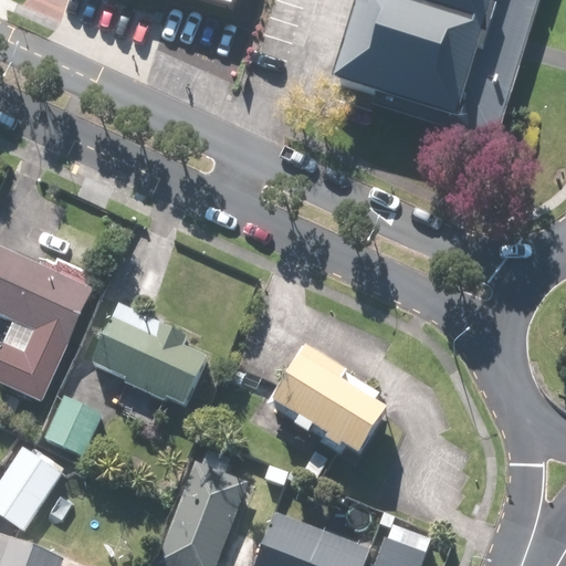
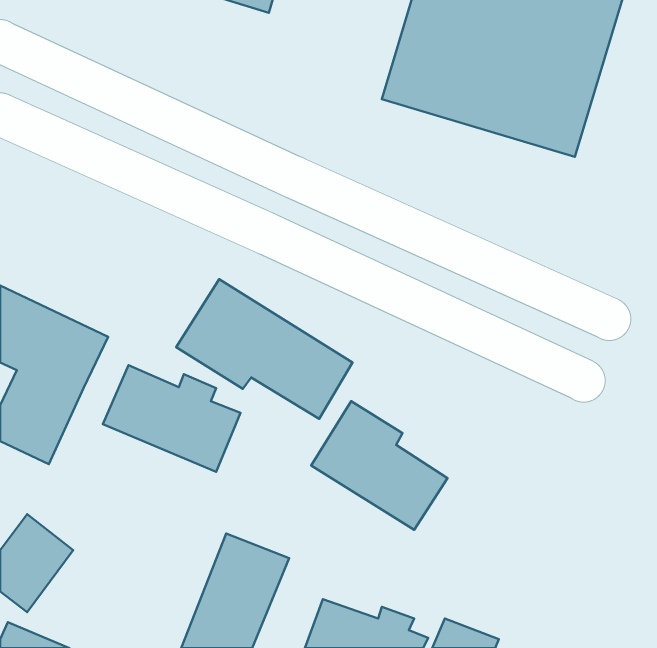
building: none -> [176,279,353,419]
building: [44,394,103,454] -> none

